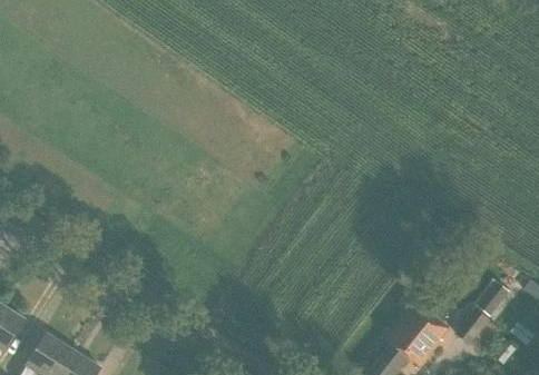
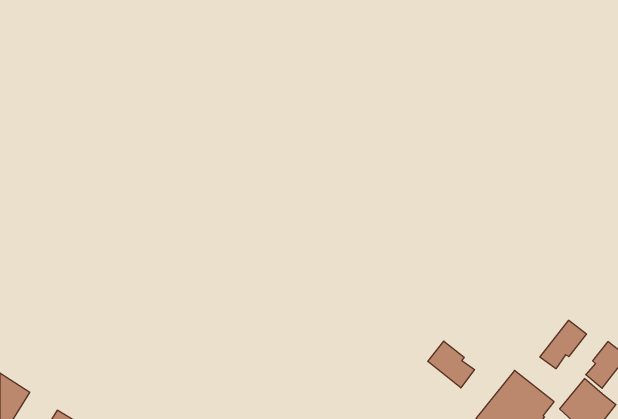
building: none -> [540,320,586,369]
building: none -> [428,341,474,388]

